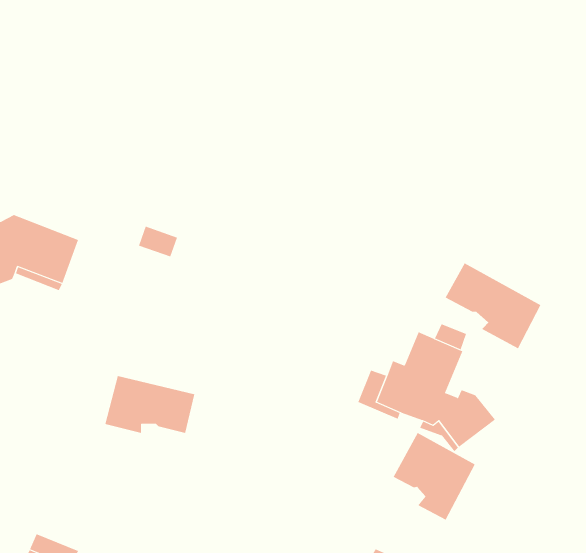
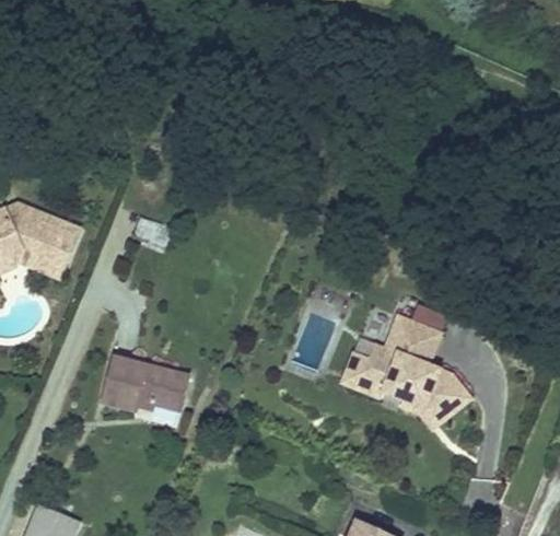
building: [445,263,541,349] -> none
building: [393,432,476,520] -> none

